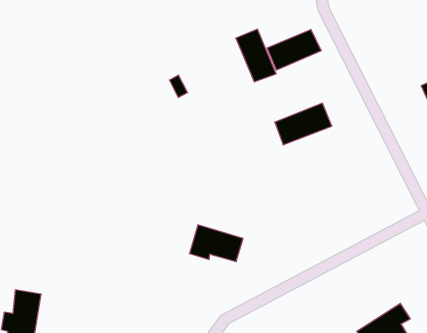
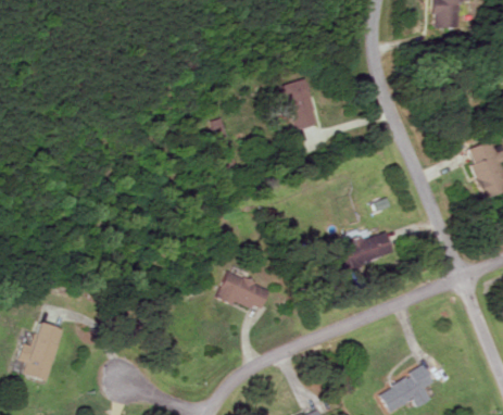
building: [267,29,321,70] -> none
building: [275,103,332,145] -> [338,231,395,271]

